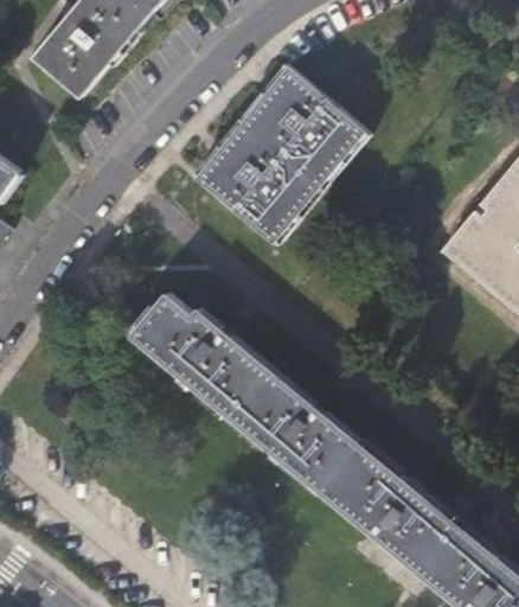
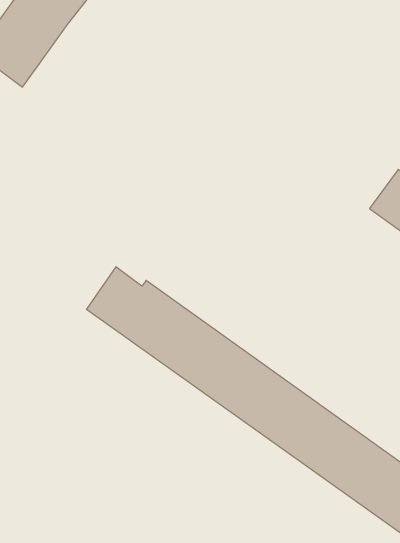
building: [199,68,364,239] -> none

